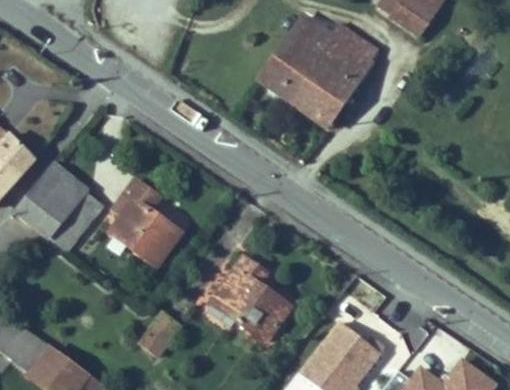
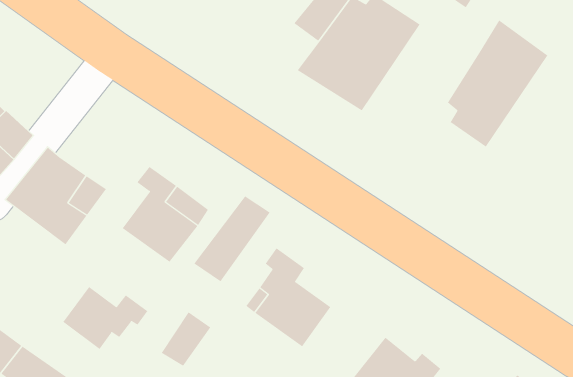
building: none -> [447,20,548,148]
building: none -> [194,195,271,282]
building: none -> [62,286,148,350]

